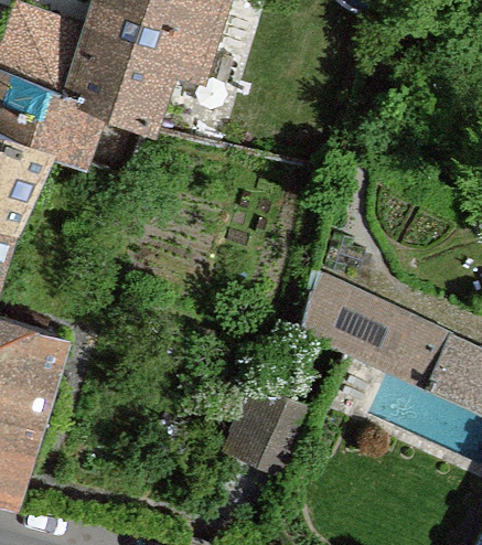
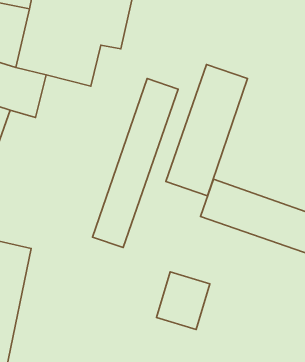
building: none -> [166,65,247,196]
building: none -> [93,78,178,248]

